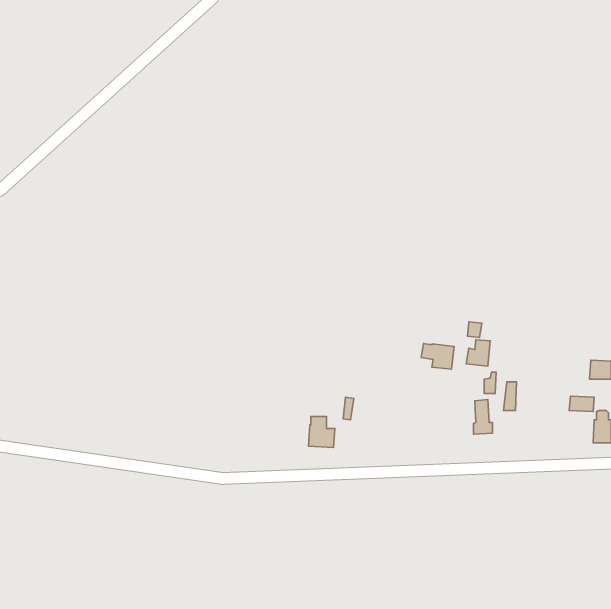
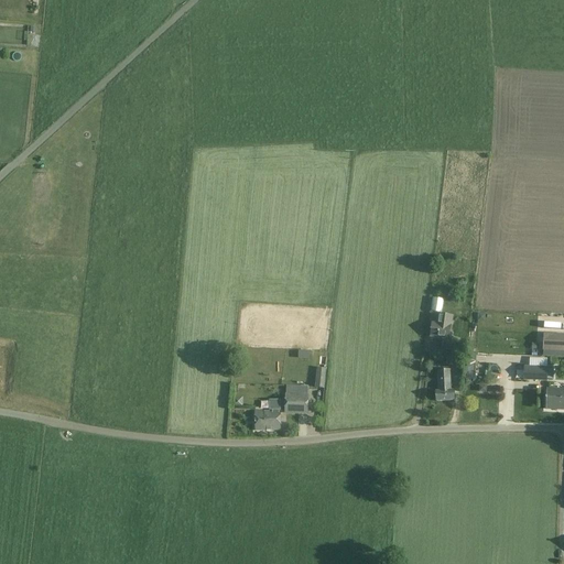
building: [421,344,454,369] -> none
building: none -> [254,399,280,429]

